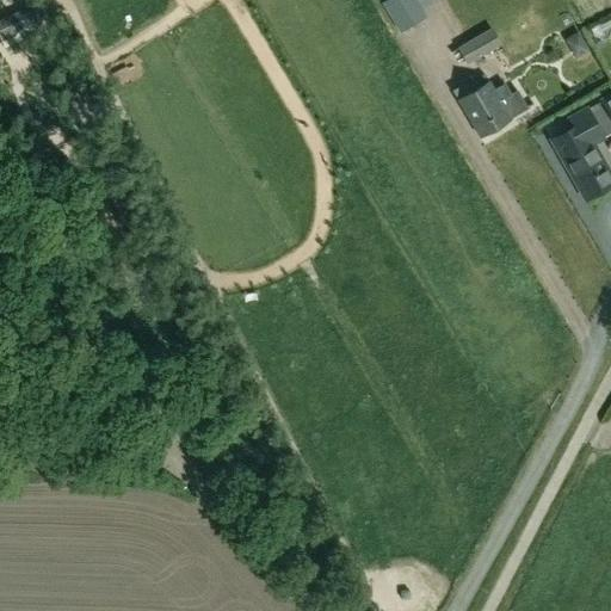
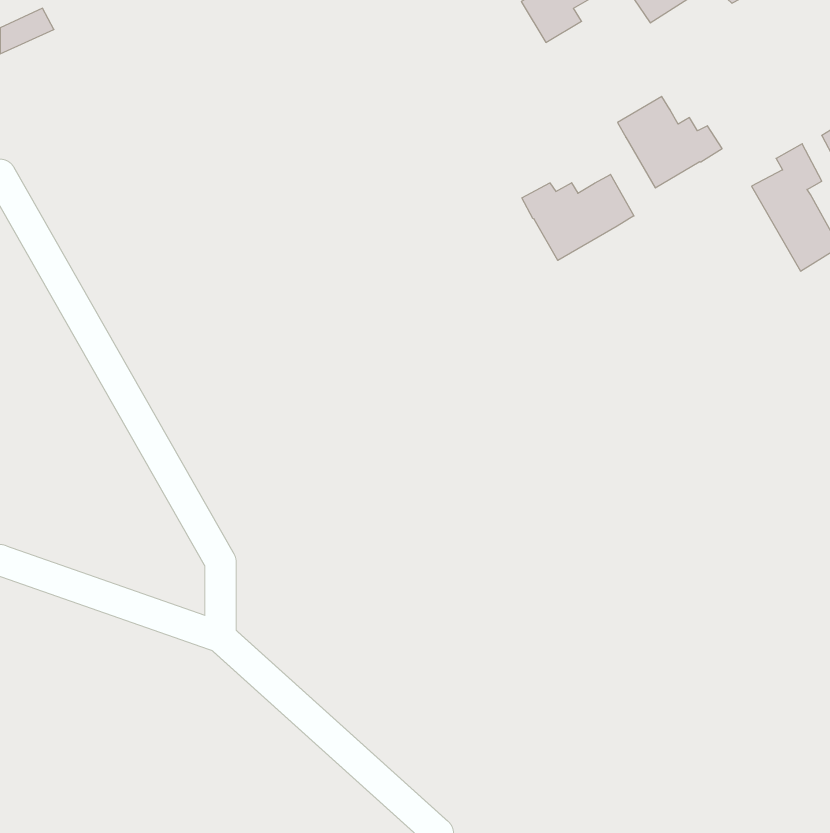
building: [459,25,505,63] -> none
building: none -> [522,174,634,260]

